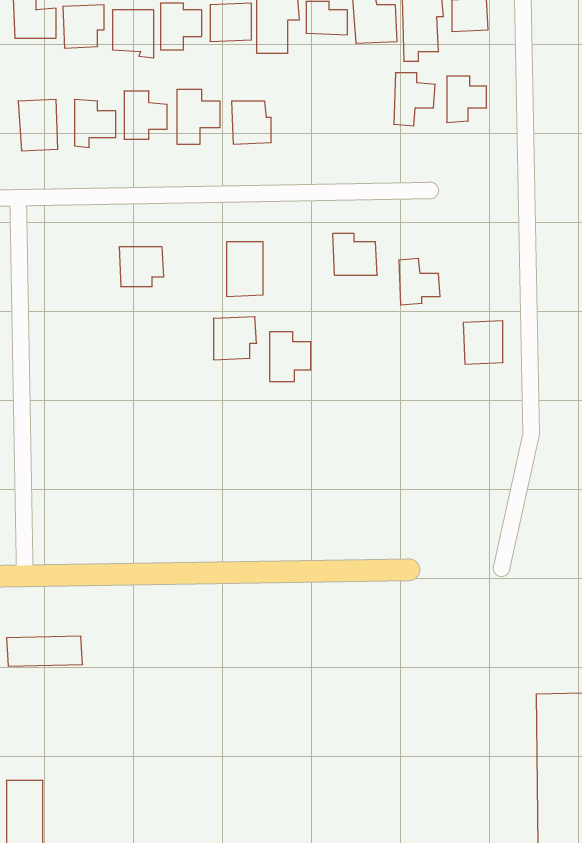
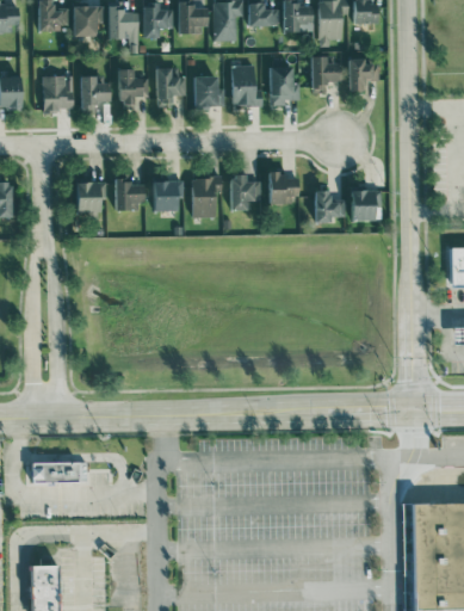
building: none -> [231,64,262,105]
building: none -> [268,66,299,105]
building: none -> [78,181,104,211]
building: [213,317,257,360] -> [153,179,184,210]
building: [463,321,503,364] -> [352,189,381,220]
building: [270,332,311,381] -> [230,173,260,209]

